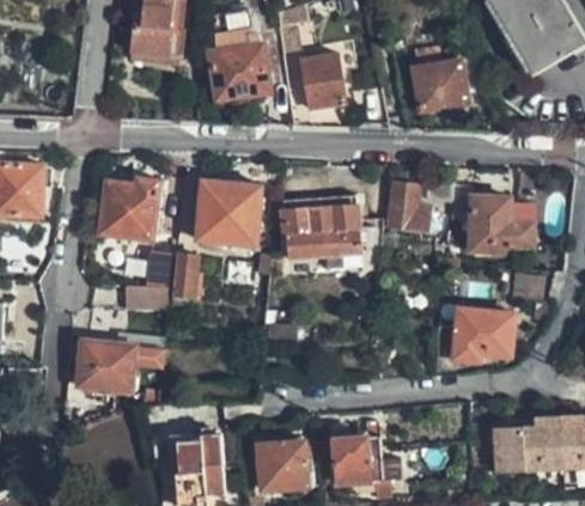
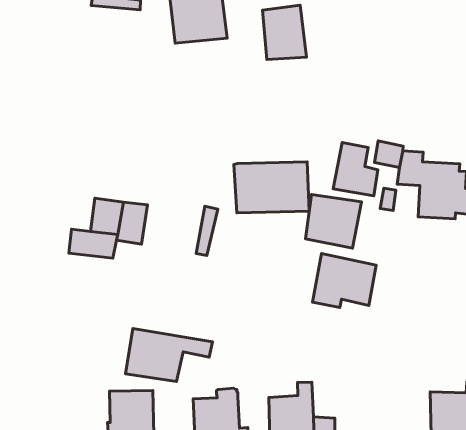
building: [414,57,469,106] -> none
building: [103,178,163,242] -> none
building: [200,183,263,249] -> none
building: none -> [305,194,362,248]
building: [450,306,511,359] -> [313,253,376,307]
building: [80,341,165,391] -> [125,328,213,382]

